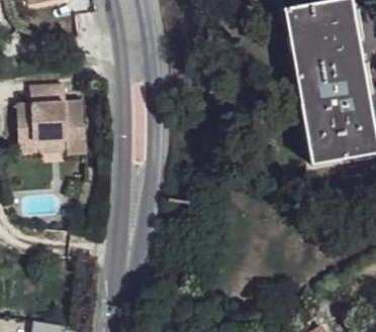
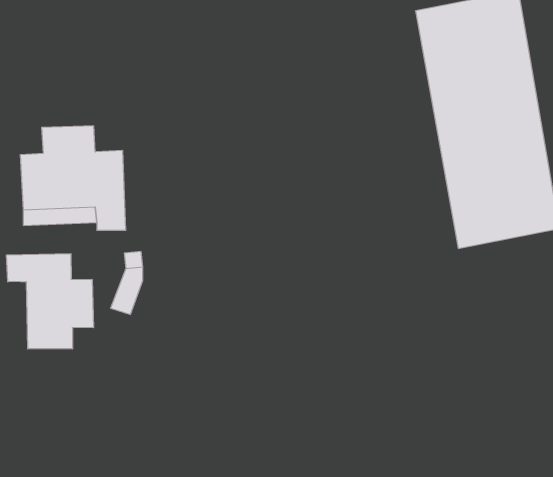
building: none -> [7,254,94,349]

